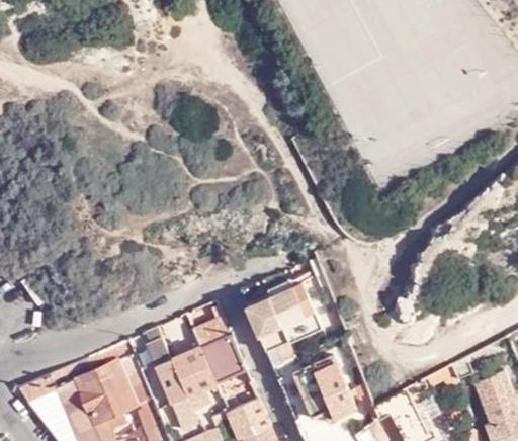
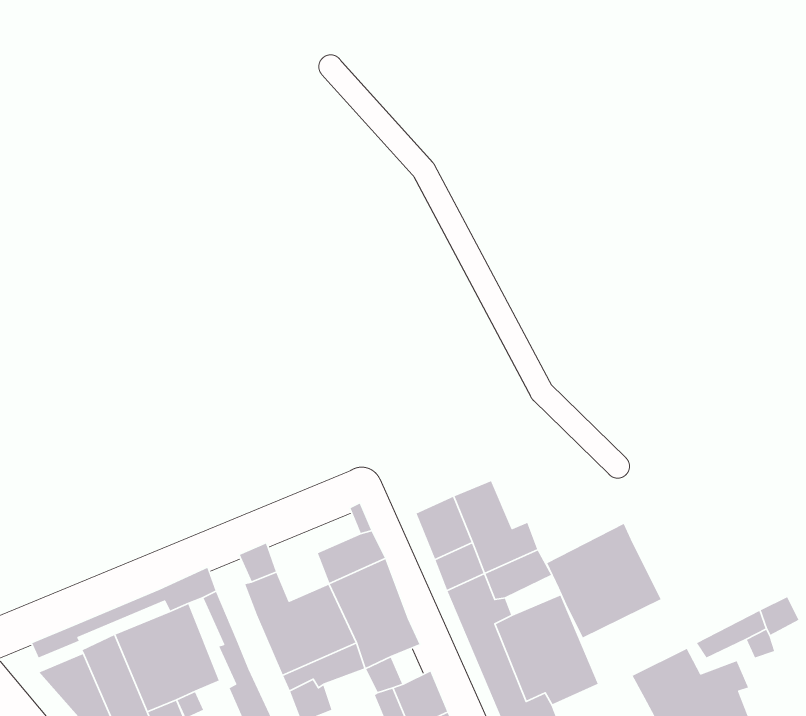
building: none -> [546,523,662,638]

